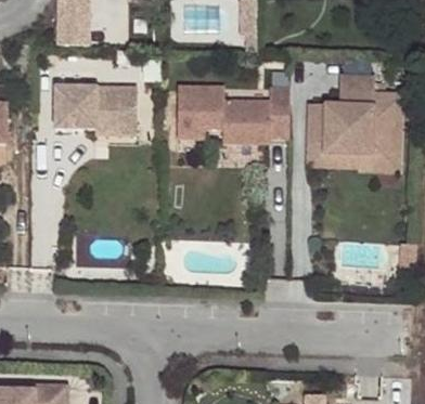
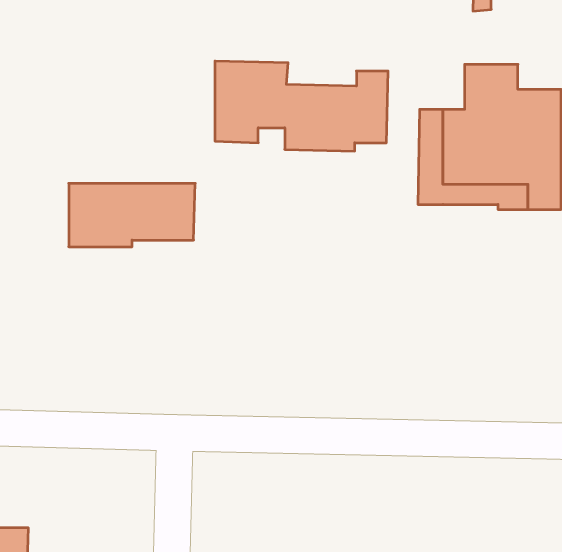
building: [50,87,132,128] -> [69,183,195,247]

